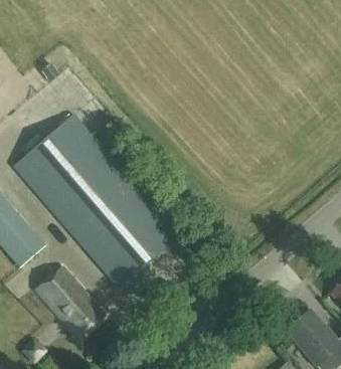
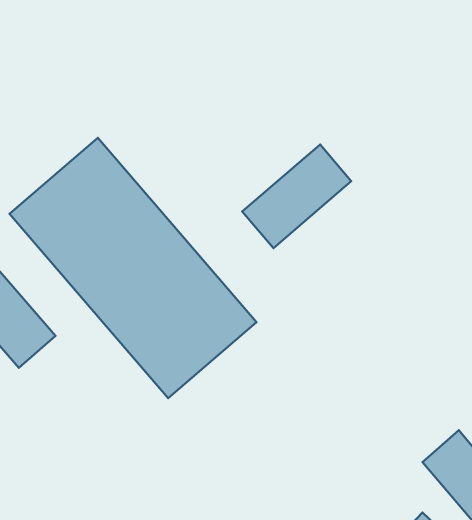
building: none -> [242,144,351,248]
building: [35,266,105,337] -> none

